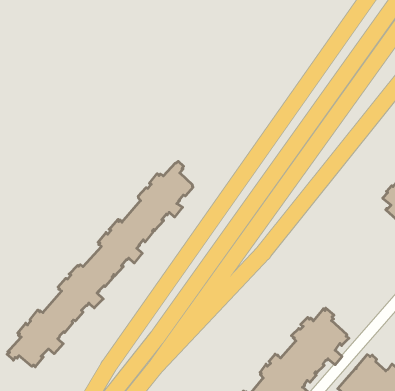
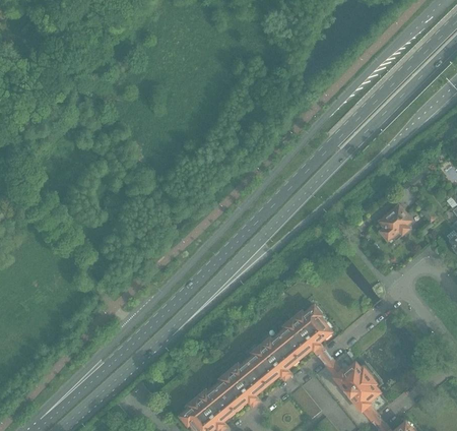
building: [7,161,193,367] -> none

